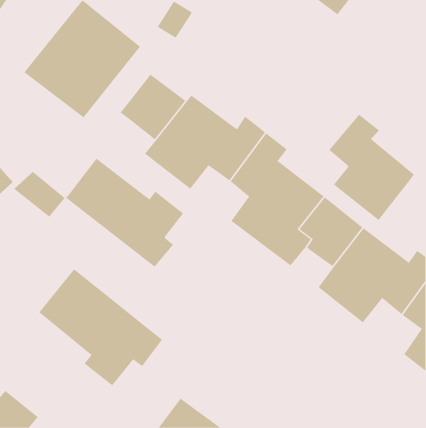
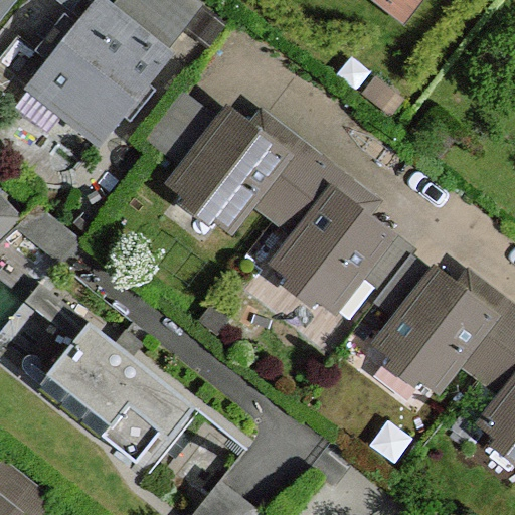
building: [328,114,415,221] -> none
building: [65,158,184,268] -> none

